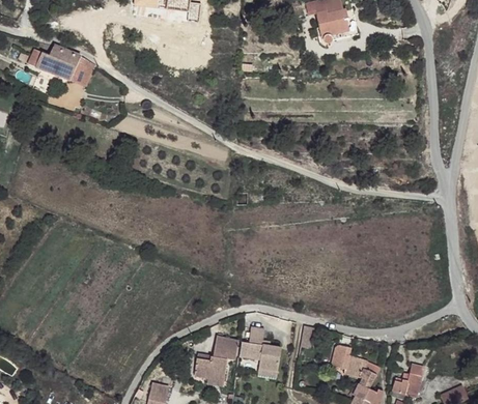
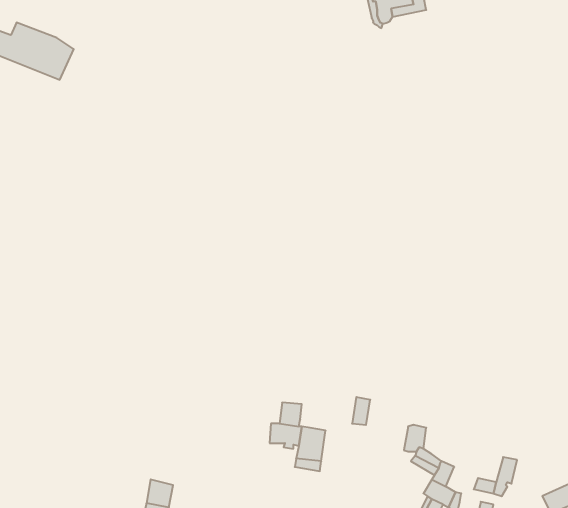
building: [193,333,235,378] -> none

